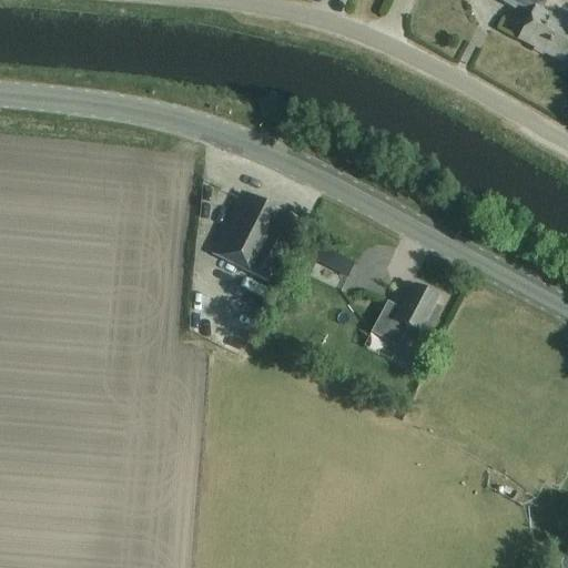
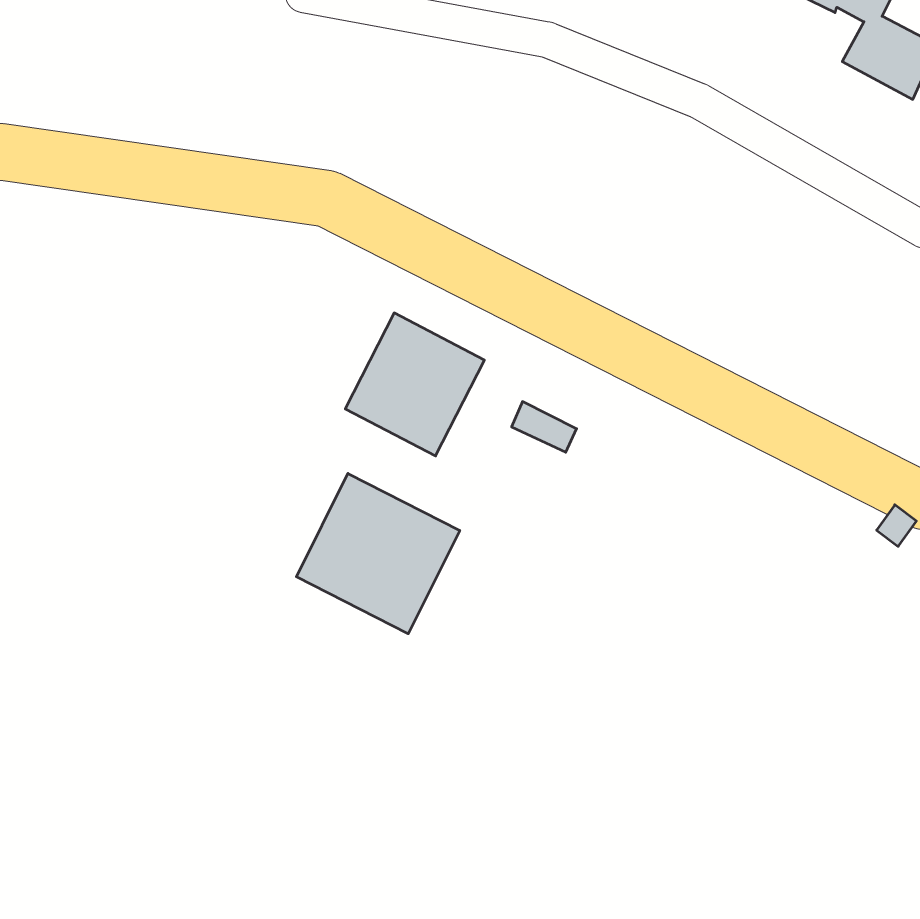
building: [375,284,439,345] -> none
building: none -> [296,473,460,634]

